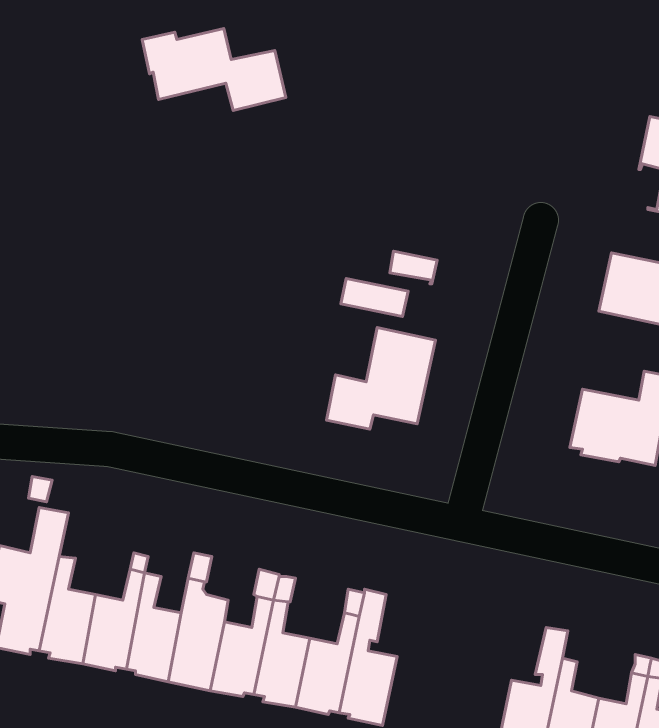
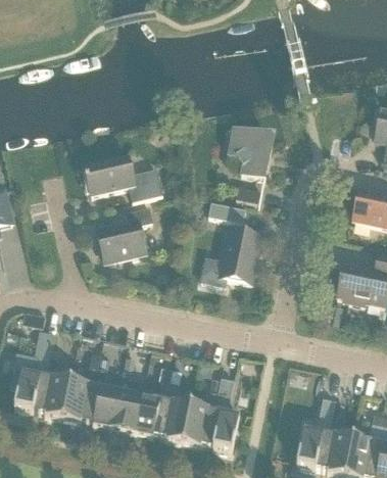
building: [142,29,286,110] -> [81,155,161,201]
building: none -> [228,130,273,178]
building: none -> [97,205,152,260]

